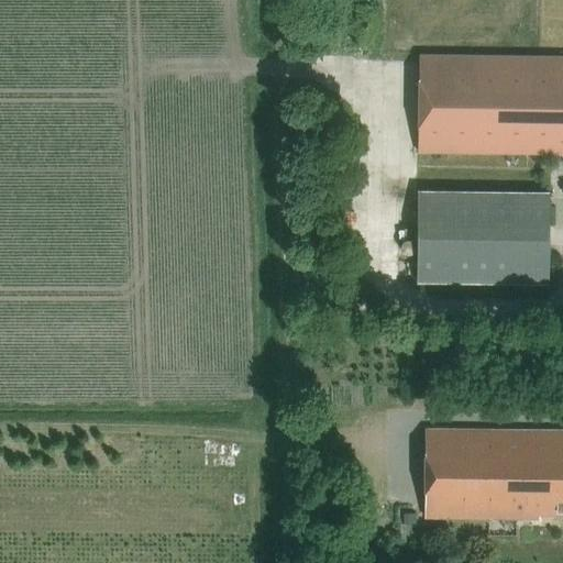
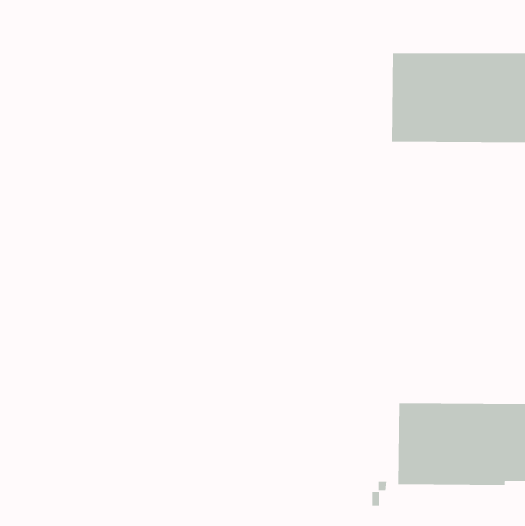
building: [418,192,551,283] -> none

